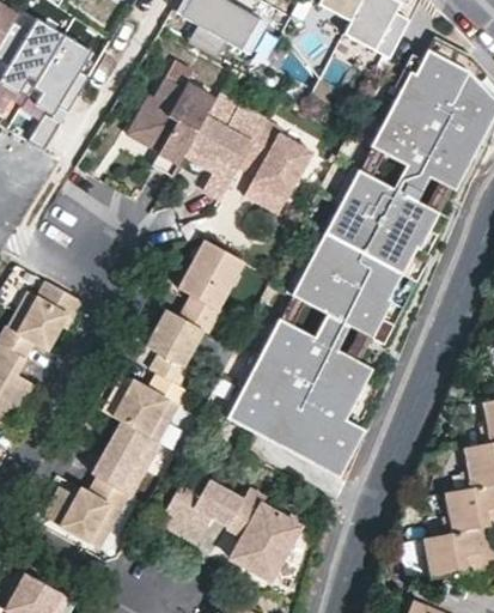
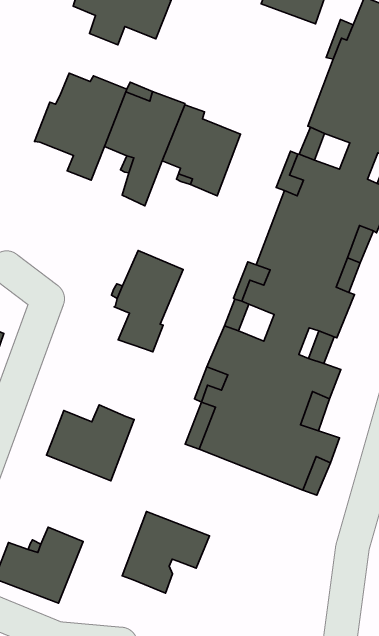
building: [146,310,202,388] -> none
building: [92,424,158,496] -> none
building: [225,492,299,584] -> none

